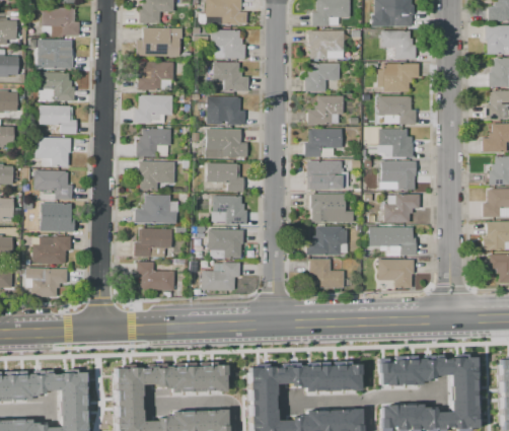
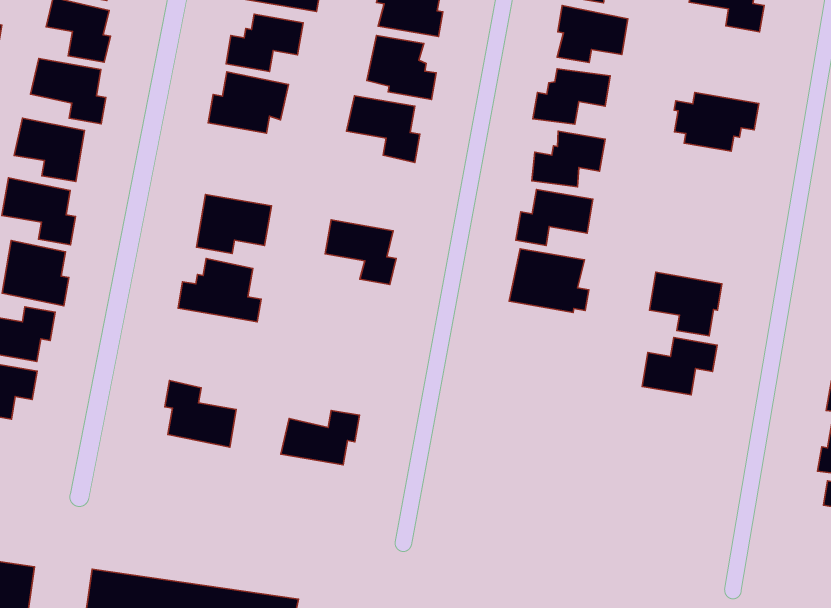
building: [381,30,415,58] -> none
building: [378,96,417,124] -> none
building: [137,129,171,157] -> none
building: [207,129,248,157] -> none
building: [378,129,414,157] -> none
building: [311,194,354,222] -> none
building: [213,195,247,224] -> none
building: [306,226,347,256] -> none
building: [369,227,417,256] -> none
building: [134,228,172,258] -> none
building: [209,229,244,259] -> none
building: [309,260,344,287] -> none
building: [378,260,415,288] -> none

